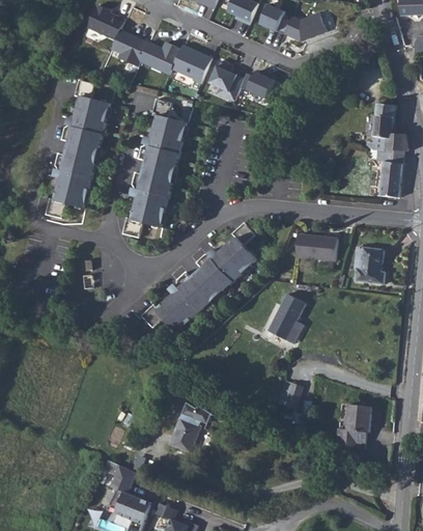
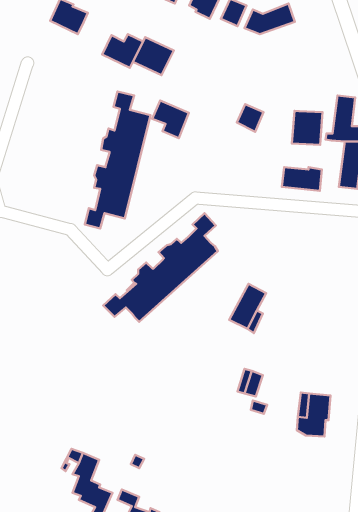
building: [110,28,148,66] -> none
building: [206,63,244,102] -> [152,100,189,138]
building: [247,71,274,99] -> [237,104,264,132]
building: [44,79,110,218] -> none
building: none -> [292,111,323,145]
building: [297,236,337,260] -> [282,167,322,191]
building: [354,247,385,284] -> none
building: [170,401,210,452] -> none

